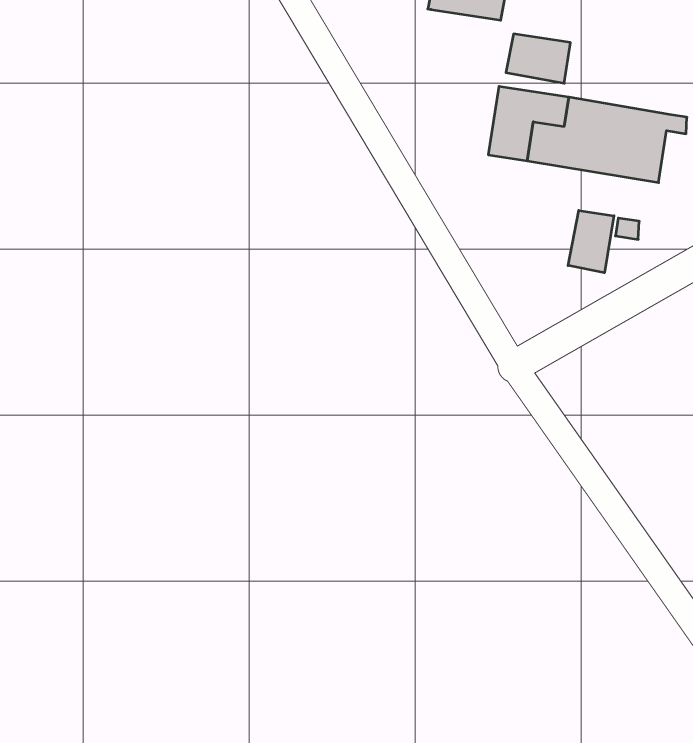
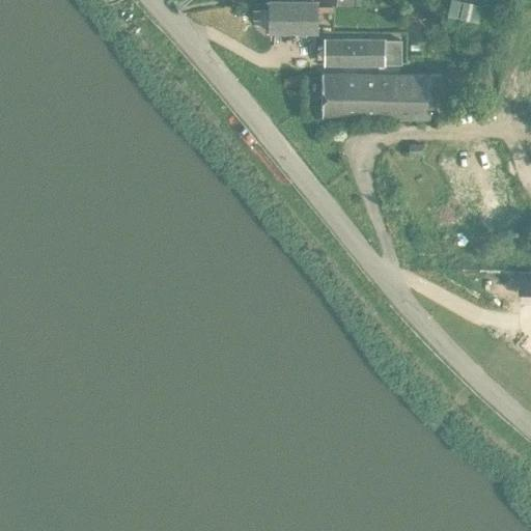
building: none -> [363,38,400,64]
building: [568,210,614,273] -> none

